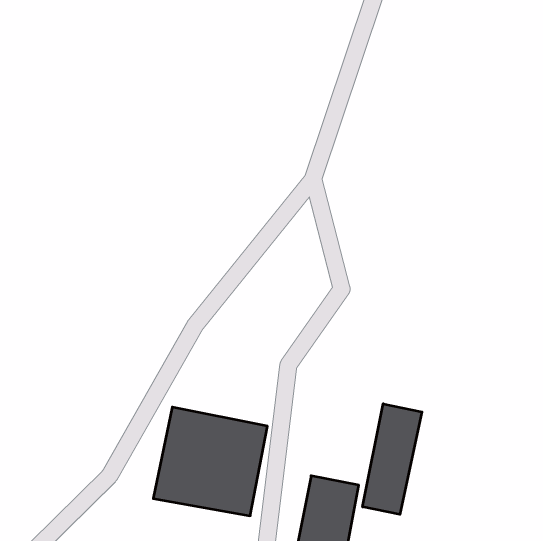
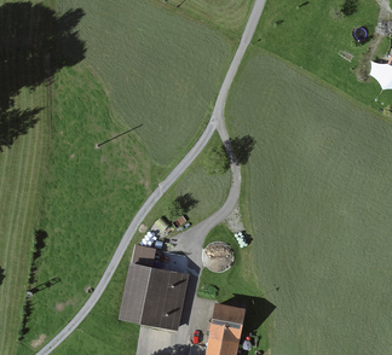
building: [363,404,422,514] -> none

